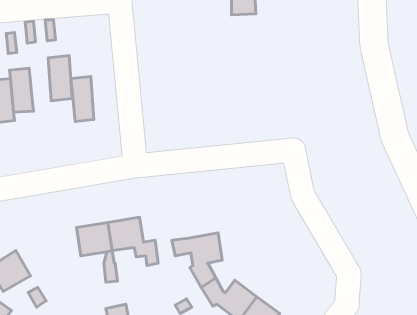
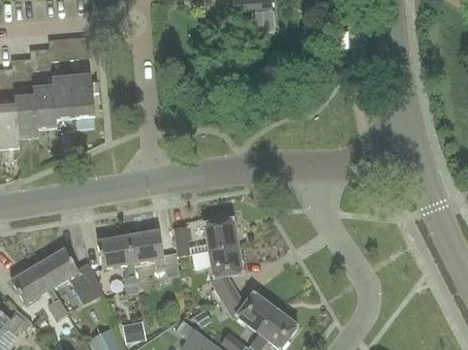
building: [71,76,94,122] -> [51,73,73,118]
building: none -> [175,218,238,256]
building: none -> [38,248,101,304]

